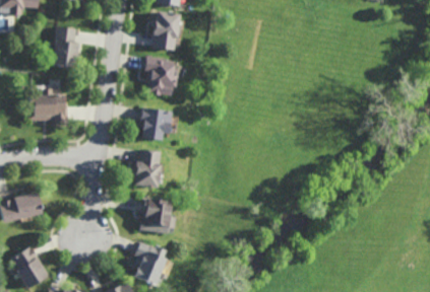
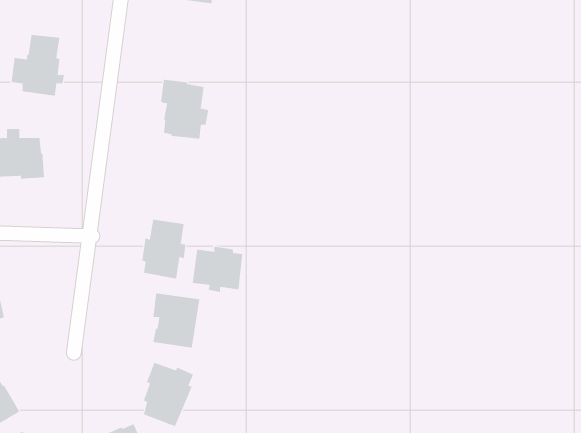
building: [150,10,178,51] -> none
building: [137,106,169,140] -> none
building: none -> [192,246,243,293]

